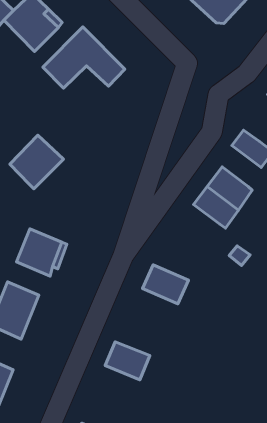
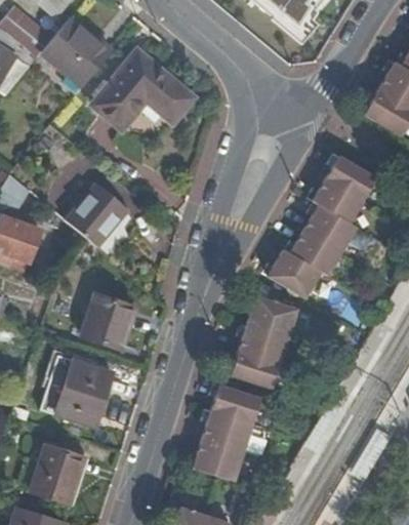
building: none -> [309,175,360,221]
building: none -> [262,246,317,296]
building: none -> [243,296,294,337]
building: none -> [226,352,276,390]
building: none -> [206,386,257,430]
building: none -> [189,446,239,488]

